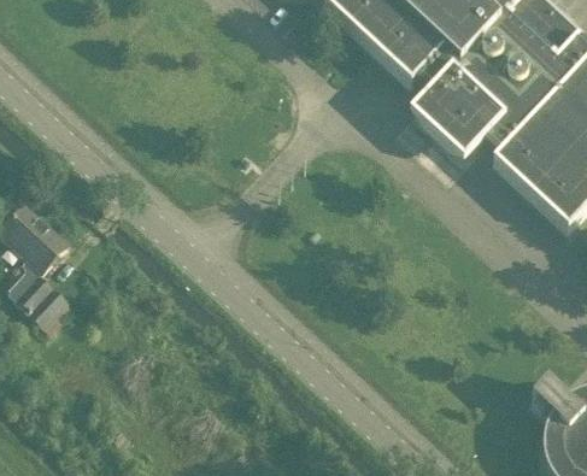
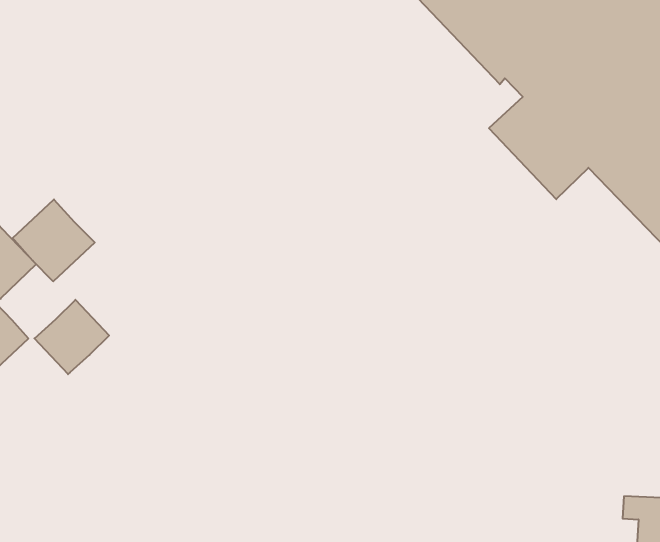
building: none -> [13,199,95,281]
building: none -> [34,300,109,374]

